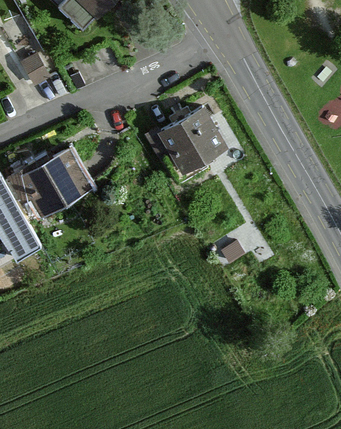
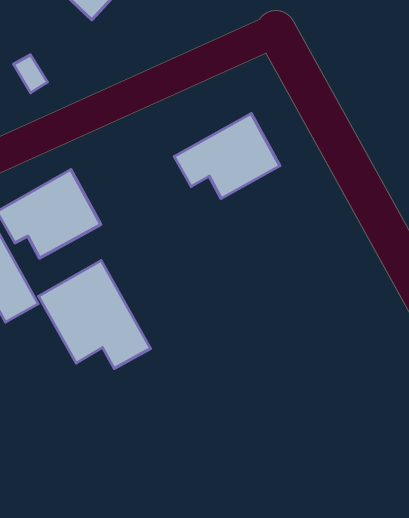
building: none -> [38,260,151,369]

